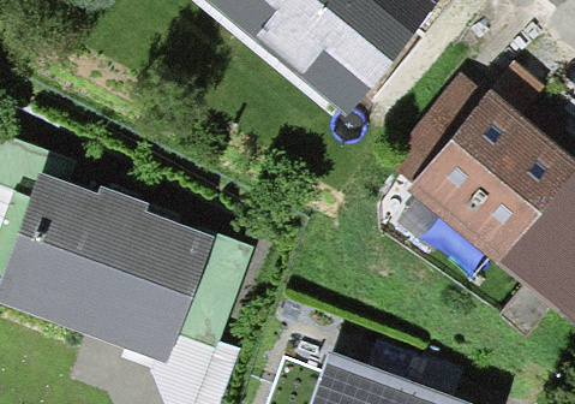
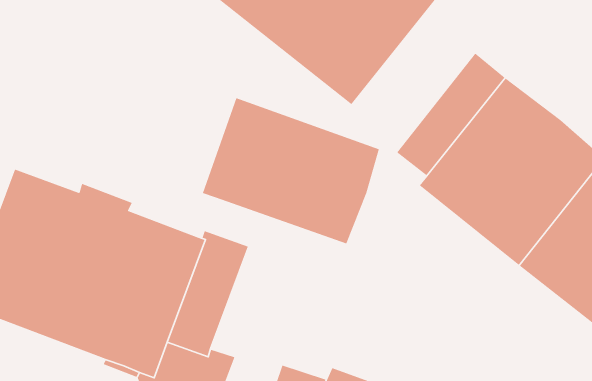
building: none -> [202,97,380,245]

